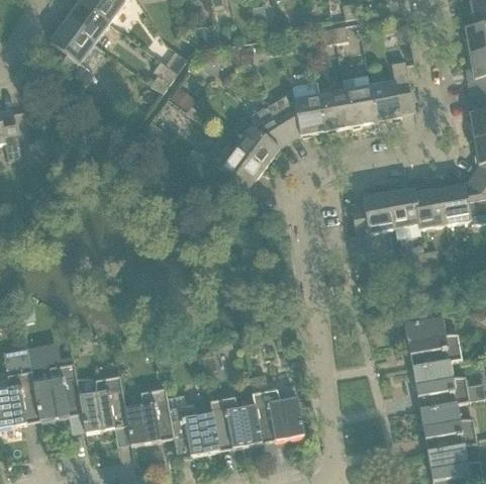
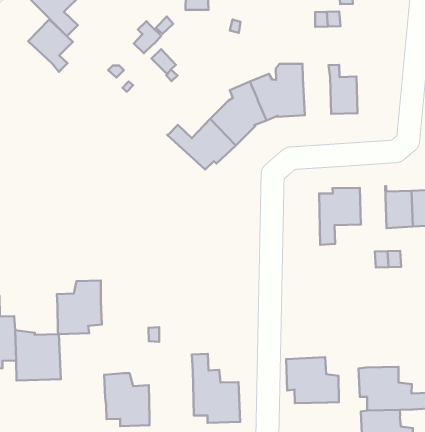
building: [371,61,414,121] -> none
building: none -> [28,19,73,72]
building: [319,90,352,130] -> none
building: [389,188,420,228] -> none
building: [405,317,462,366] -> [286,357,339,403]
building: [124,388,172,446] -> [57,280,102,334]
building: [210,396,261,448] -> none

